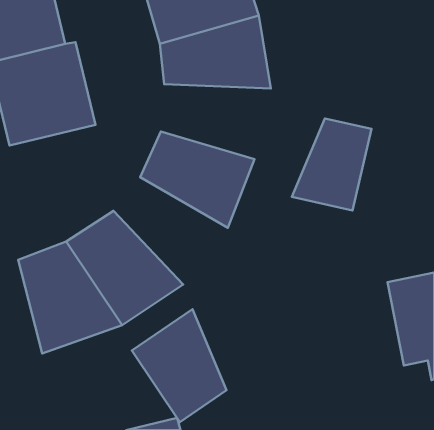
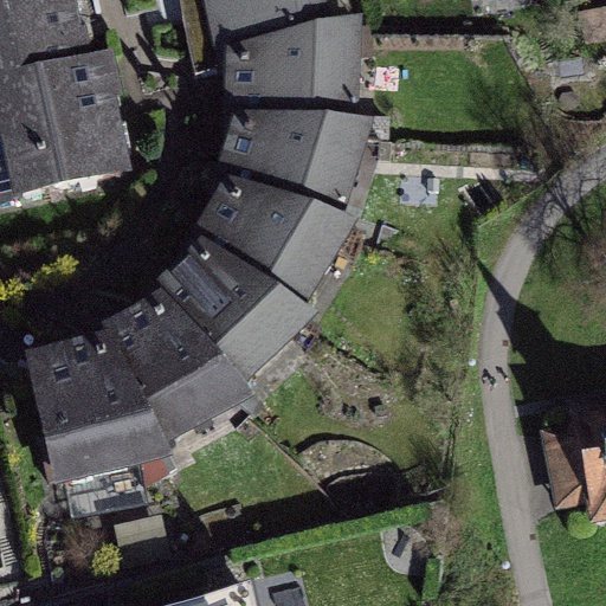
building: none -> [221,116,373,219]
building: [292,118,372,211] -> none
building: none -> [156,244,314,392]
building: [132,309,227,422] -> none

